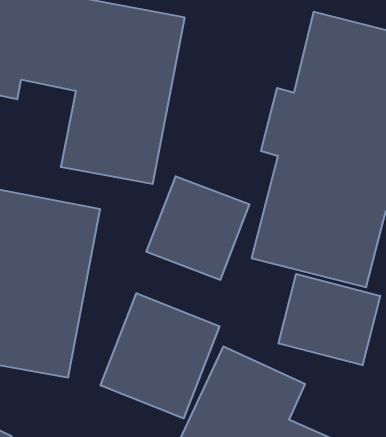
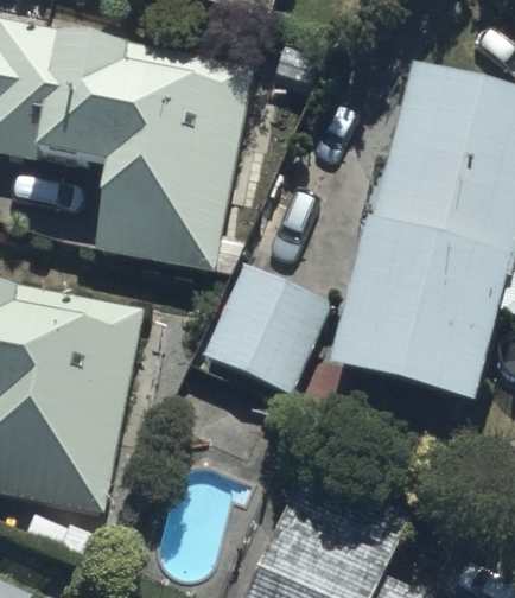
building: [279,274,380,365] -> none
building: [101,293,219,418] -> none

